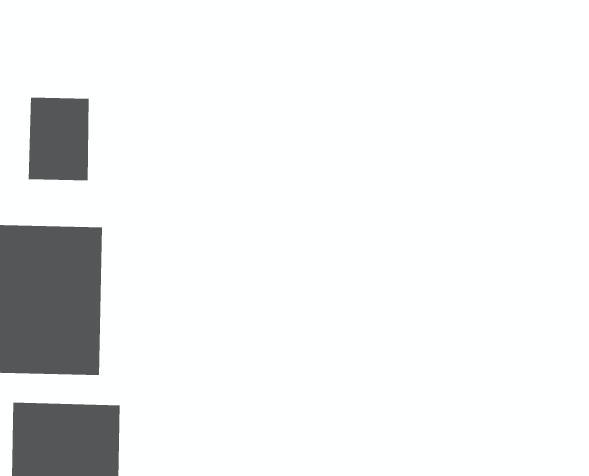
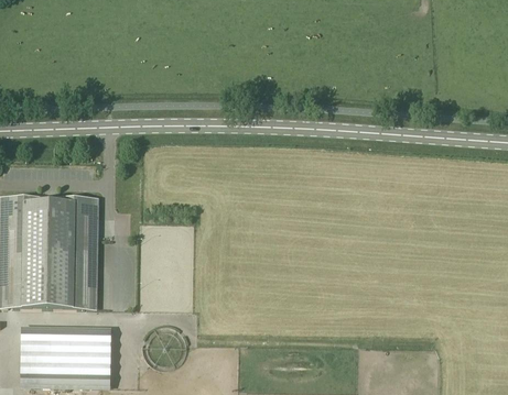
building: [28,97,89,181] -> none

